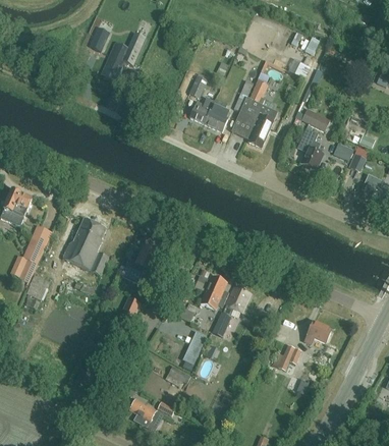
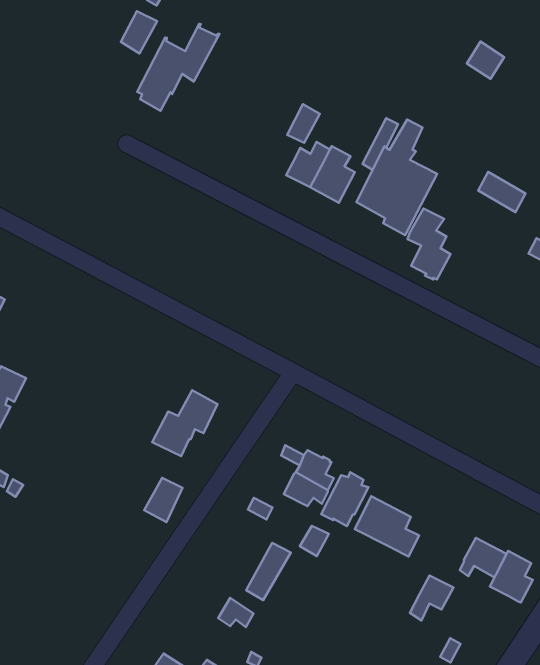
building: [297,128,323,169] -> [408,209,451,280]
building: [62,218,108,275] -> none
building: none -> [355,496,419,556]
building: none -> [490,551,533,603]

